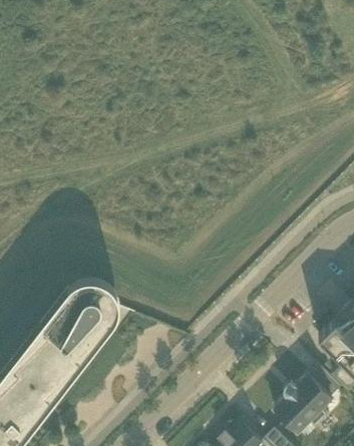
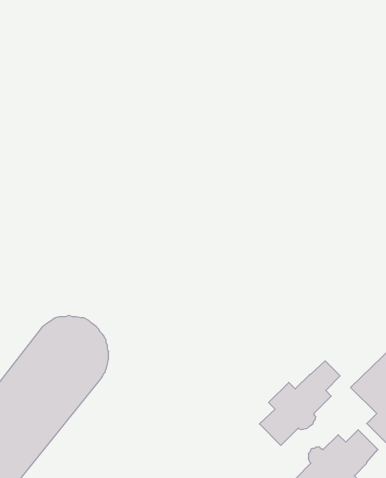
building: none -> [259,361,340,445]

